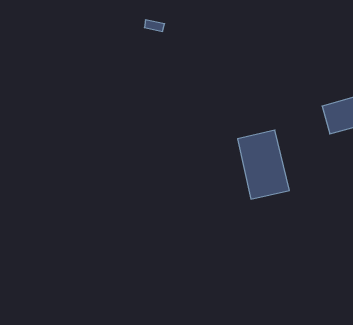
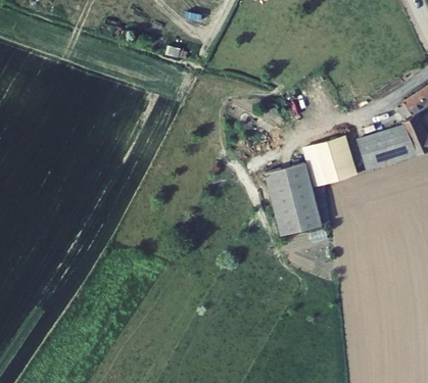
building: none -> [302,131,349,181]

